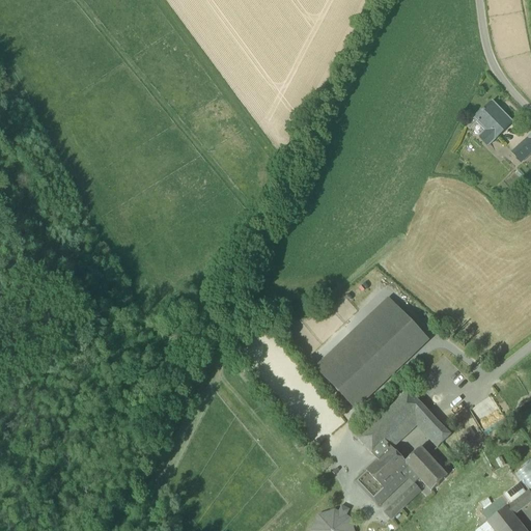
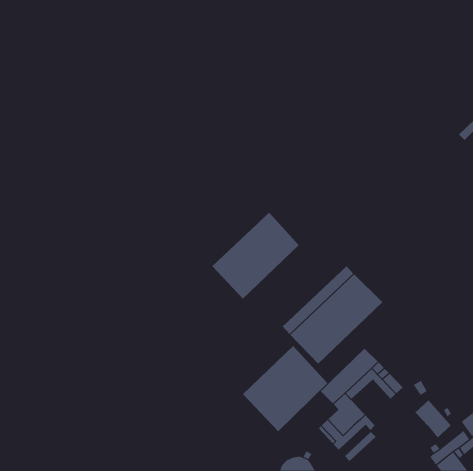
building: [476,101,513,144] -> none
building: none -> [212,212,300,300]
building: none -> [242,345,328,432]
building: [407,446,448,490] -> [414,399,452,438]

